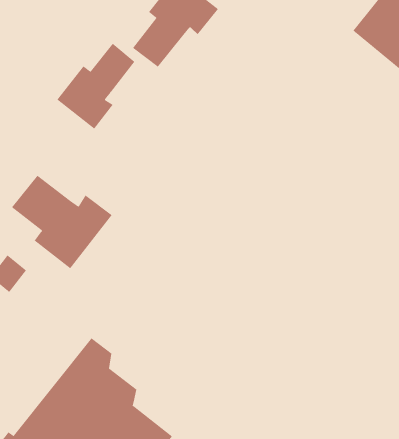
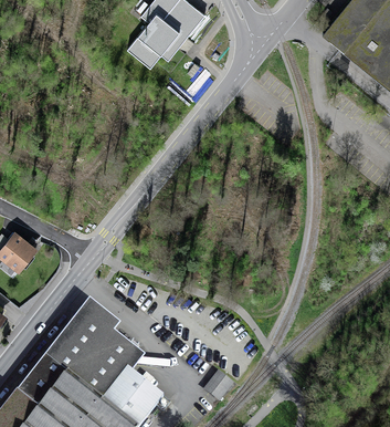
building: [56,43,135,130] -> none
building: [11,175,112,269] -> none

